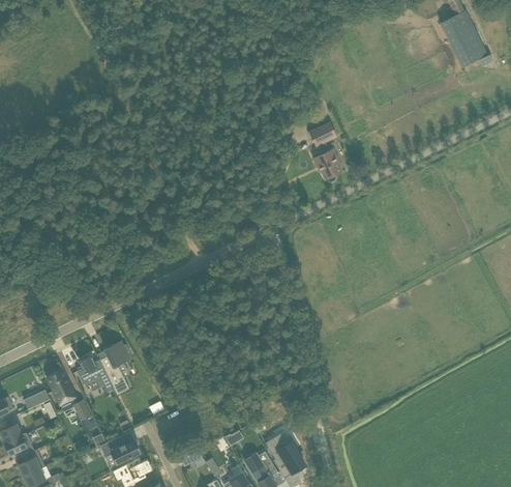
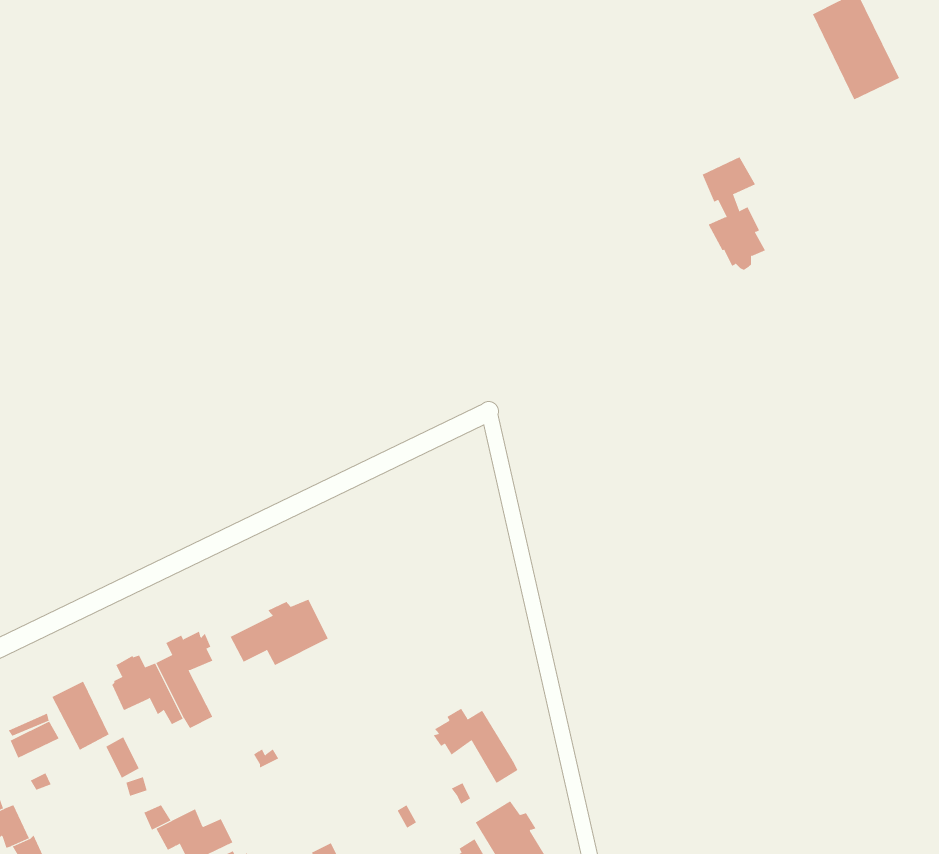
building: [309,123,342,182] -> [702,157,766,270]
building: none -> [230,599,329,666]
building: none -> [433,708,518,784]

